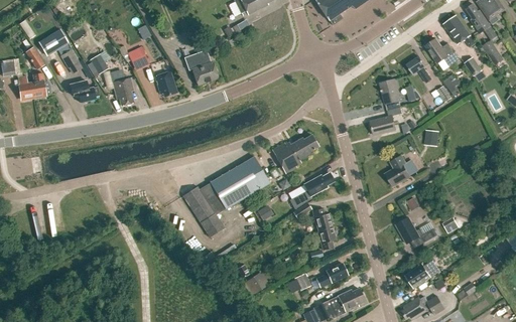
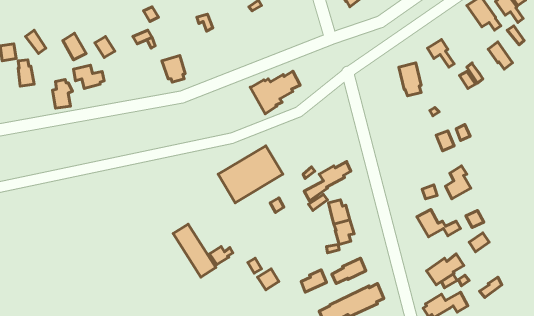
building: [38,28,69,55] -> none
building: [425,37,460,65] -> none
building: [184,48,219,85] -> none
building: [30,70,49,98] -> [52,80,73,108]
building: [112,75,135,105] -> none
building: [370,106,401,134] -> none
building: [271,134,318,174] -> [250,71,300,114]
building: [386,154,410,185] -> [445,166,471,199]
building: [183,185,224,235] -> [173,224,216,277]

